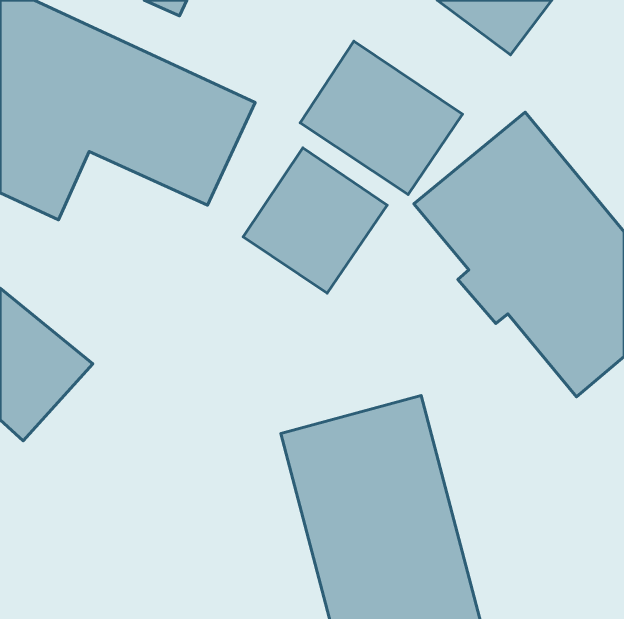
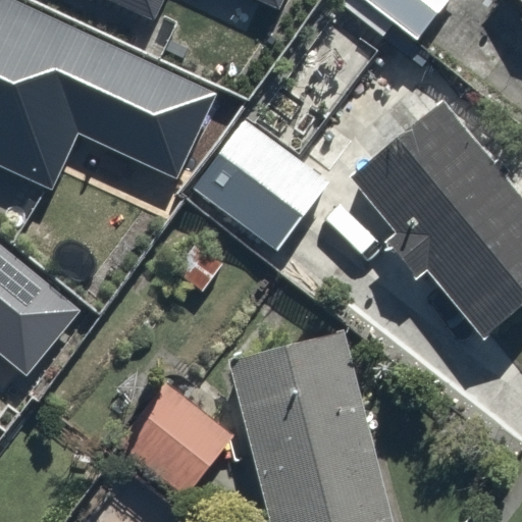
building: [300,41,463,195] -> none
building: none -> [122,380,250,504]

